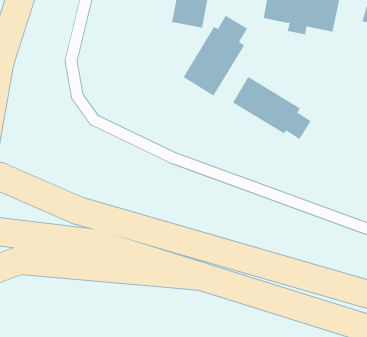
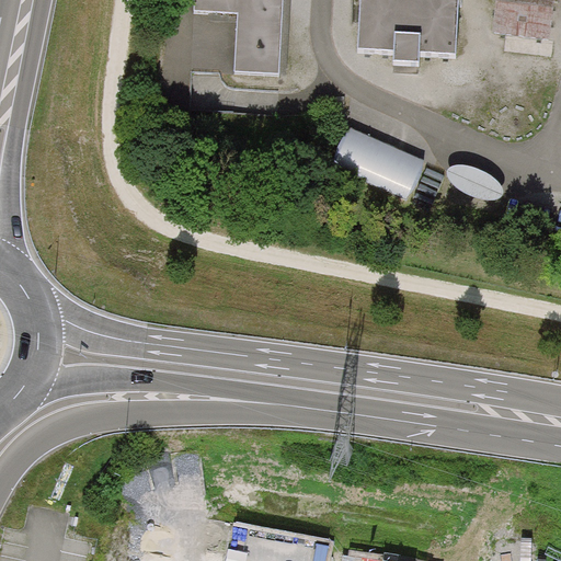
building: [183,15,248,96] -> none
building: none -> [446,164,502,199]

